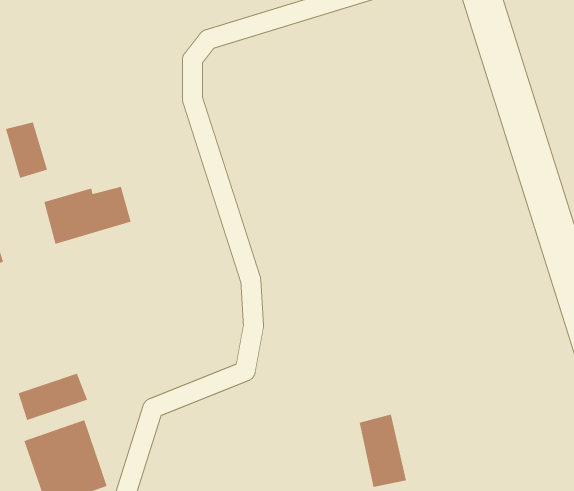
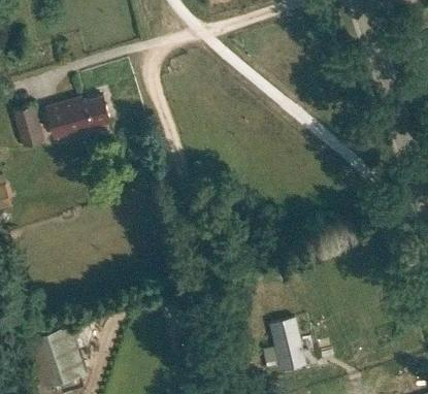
building: [43,186,131,244] -> [47,97,111,139]
building: [18,373,88,421] -> none

